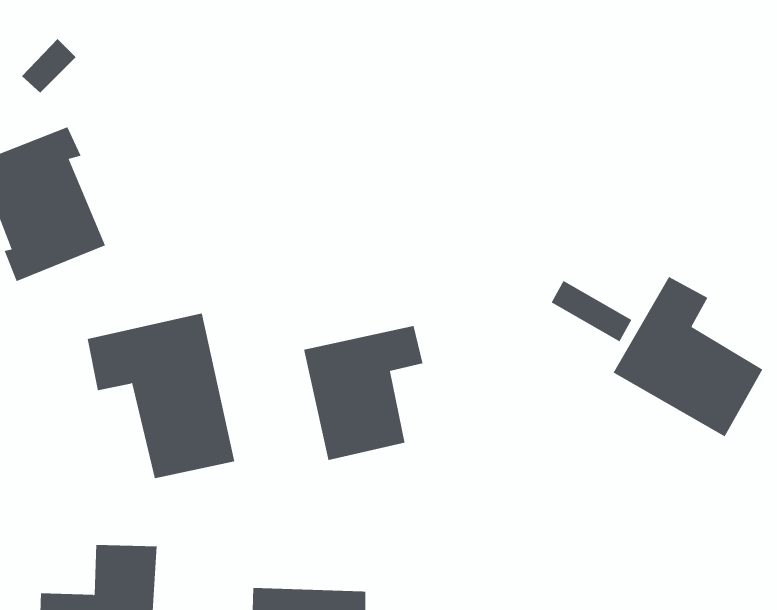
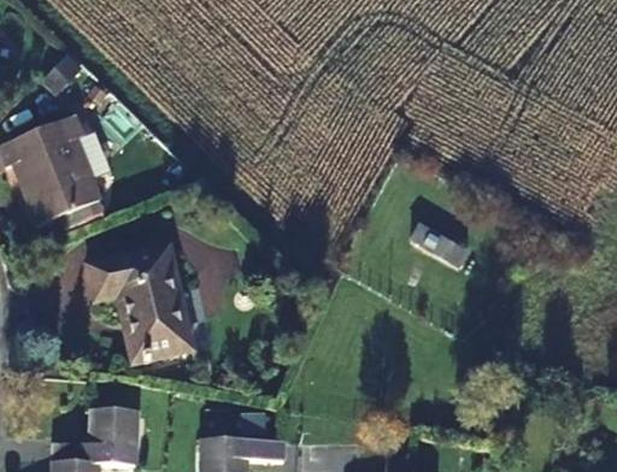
building: [613,276,763,437] -> none
building: [304,325,423,461] -> none

